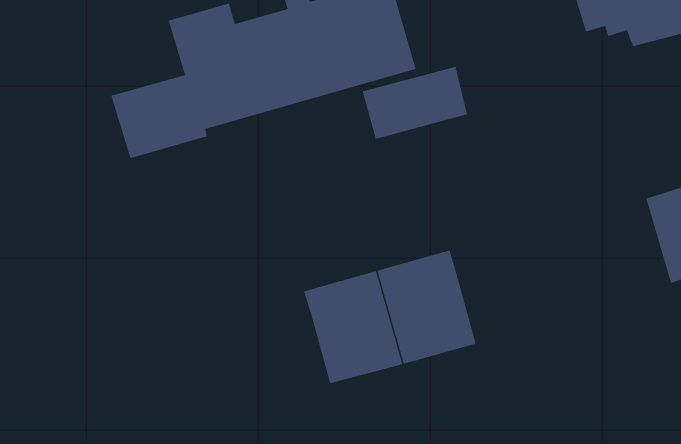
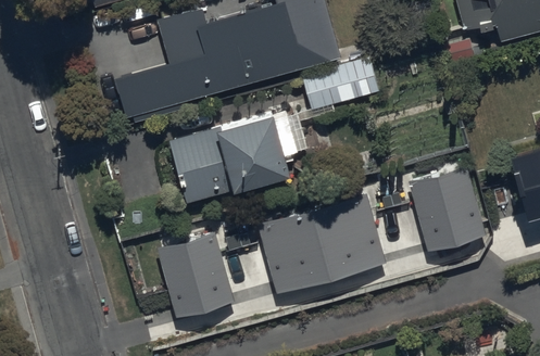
building: none -> [168,117,291,205]
building: none -> [407,164,485,250]
building: none -> [156,230,233,316]

